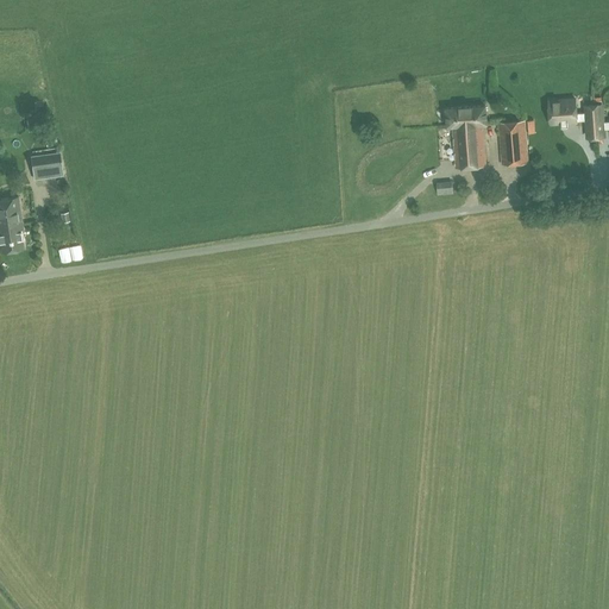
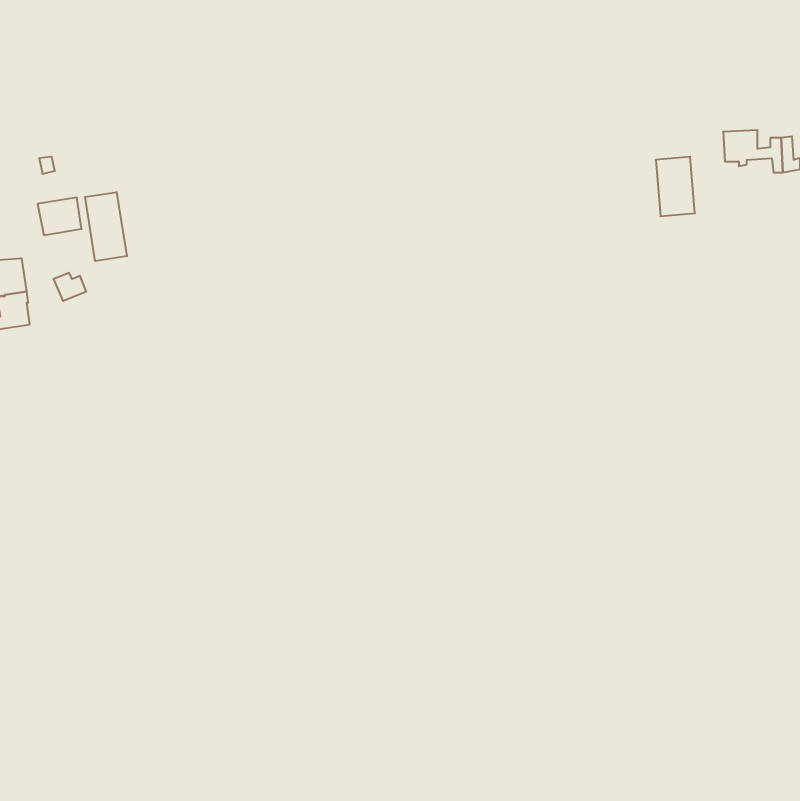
building: [445,105,485,167] -> none
building: none -> [85,192,127,261]

